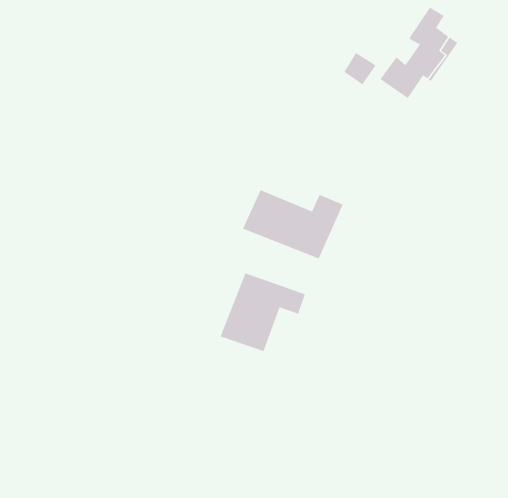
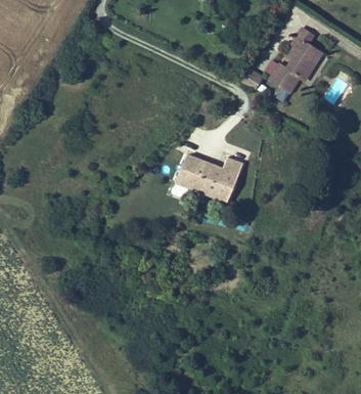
building: [220,272,305,352] -> none

